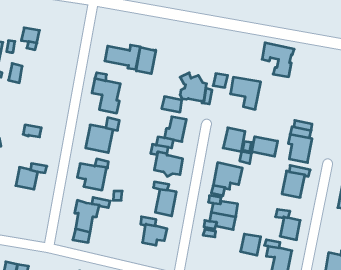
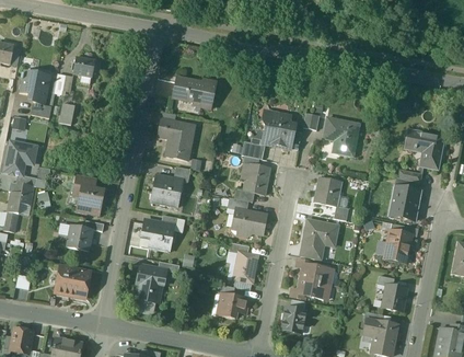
building: [262,43,294,77] -> [406,128,444,169]
building: [136,47,156,74] -> none
building: none -> [77,186,104,215]
building: [252,137,278,156] -> none
building: none -> [55,266,90,298]
building: [240,234,261,255] -> [281,307,305,332]

